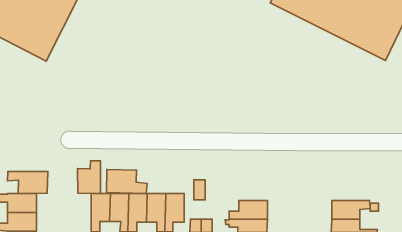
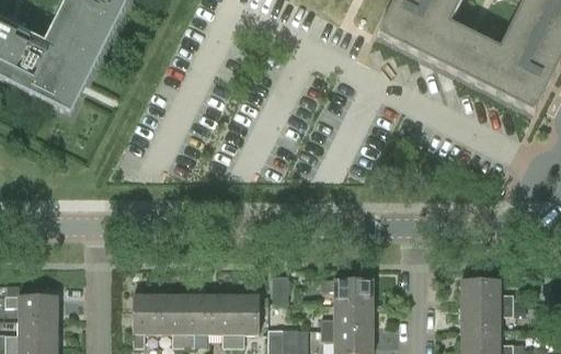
building: [78,161,100,193] -> none
building: [106,170,147,193] -> none
building: [8,171,48,193] -> none
building: none -> [320,277,373,304]
building: none -> [460,277,512,304]

